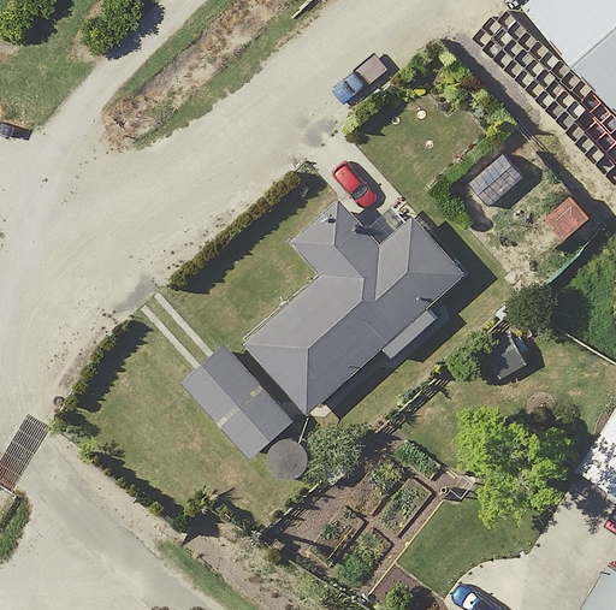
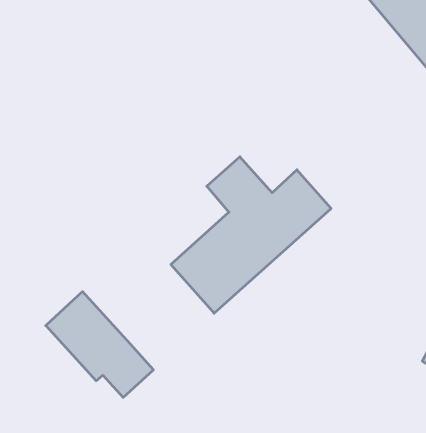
building: [186,345,327,484] -> [46,292,153,397]

